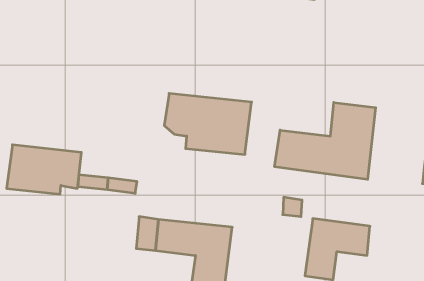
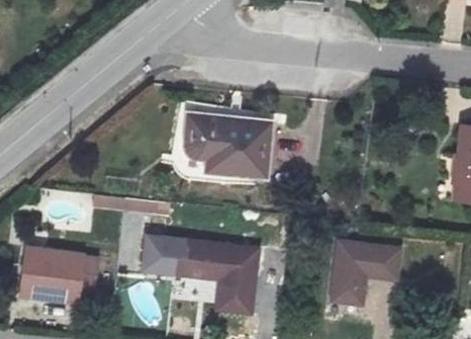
building: [275,102,376,179] -> none
building: [7,145,81,194] -> [21,247,99,299]

